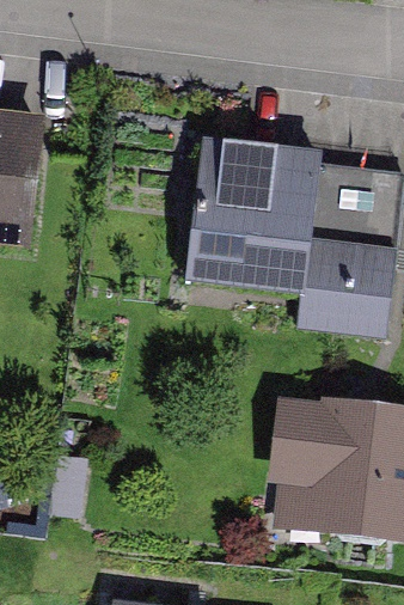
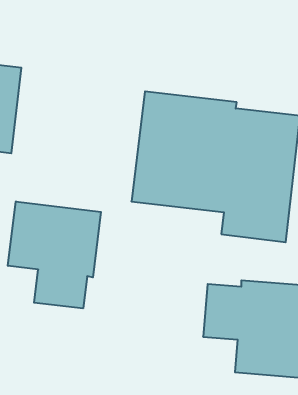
building: none -> [8,201,101,308]

